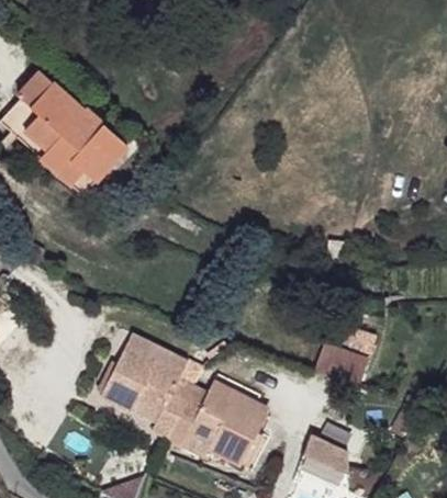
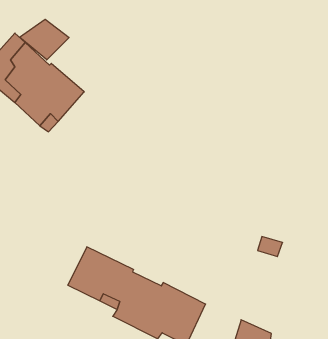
building: none -> [19,19,69,60]
building: [312,340,370,385] -> none

